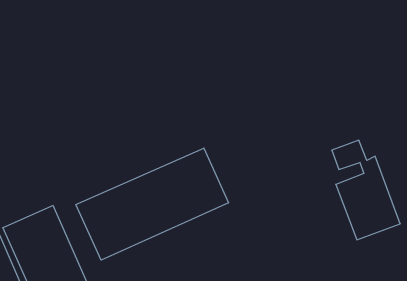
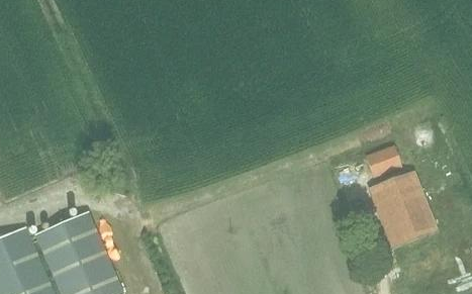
building: [76,148,228,260] -> none

